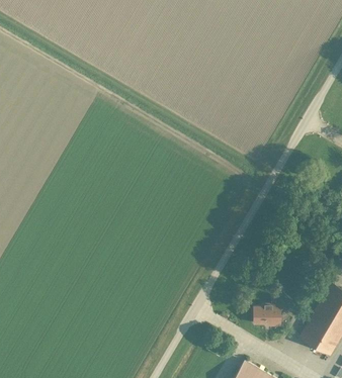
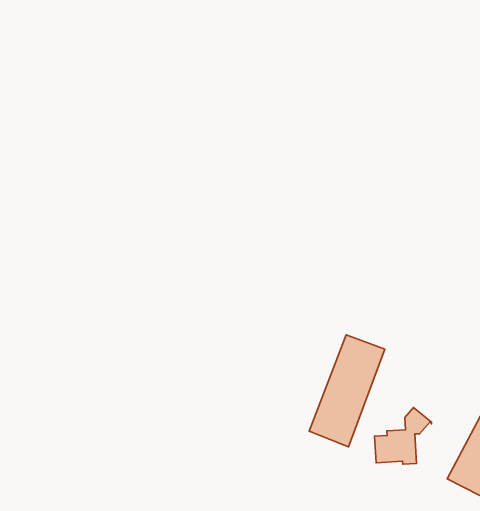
building: none -> [309,335,385,447]

